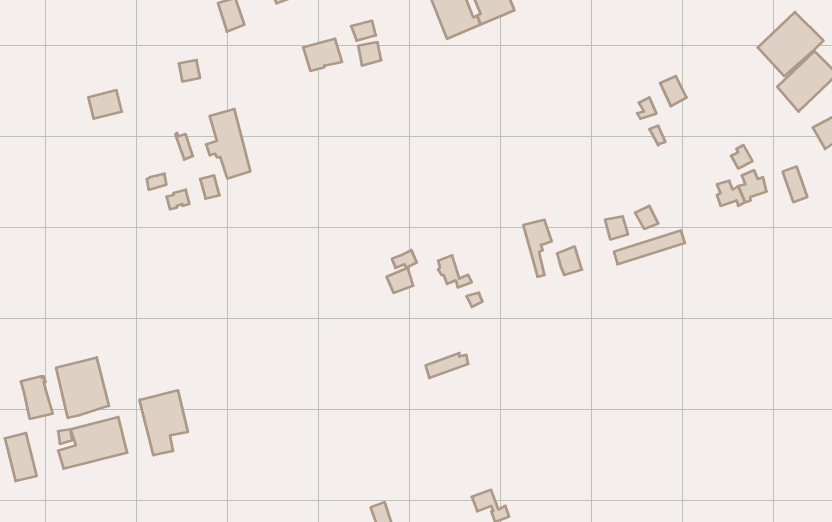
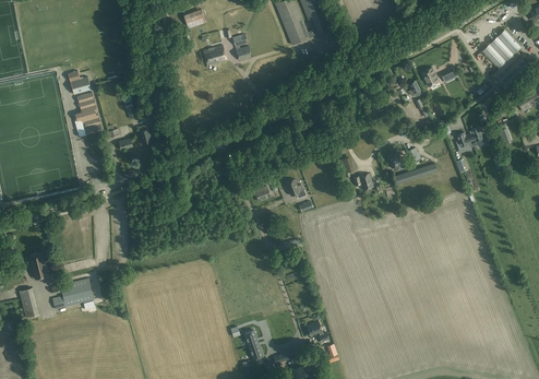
building: [206,109,250,178] -> [75,92,103,134]
building: [56,357,109,418] -> none
building: [140,390,188,455] -> none

